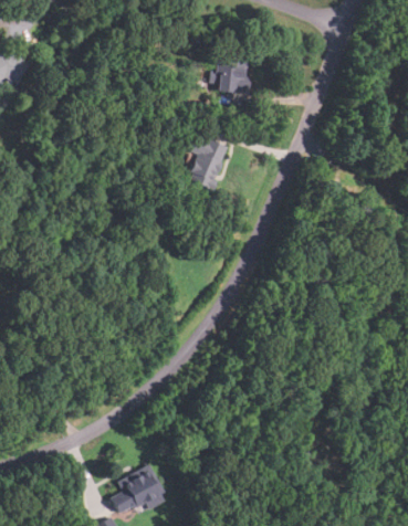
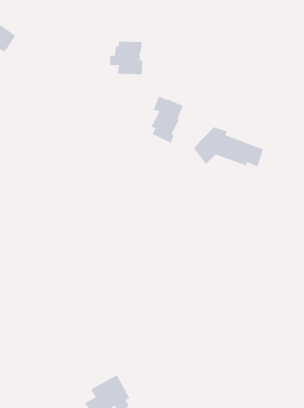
building: [210,54,250,94] -> [110,41,143,75]
building: none -> [193,126,263,167]

